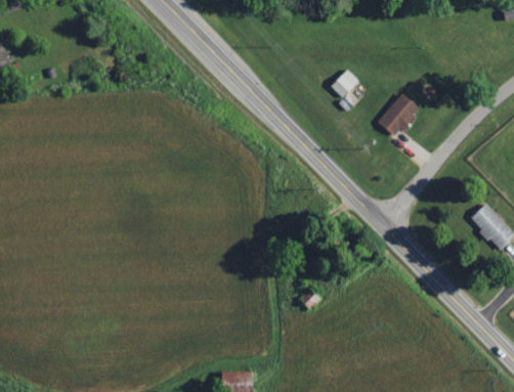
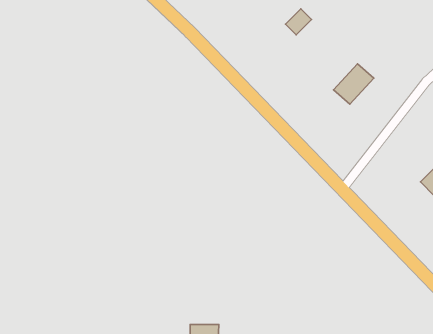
building: [331,70,358,97] -> [286,9,311,35]

